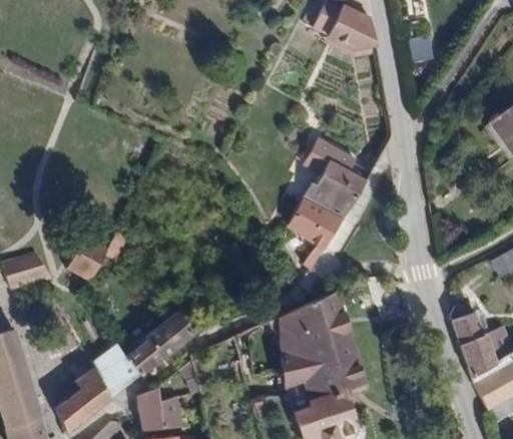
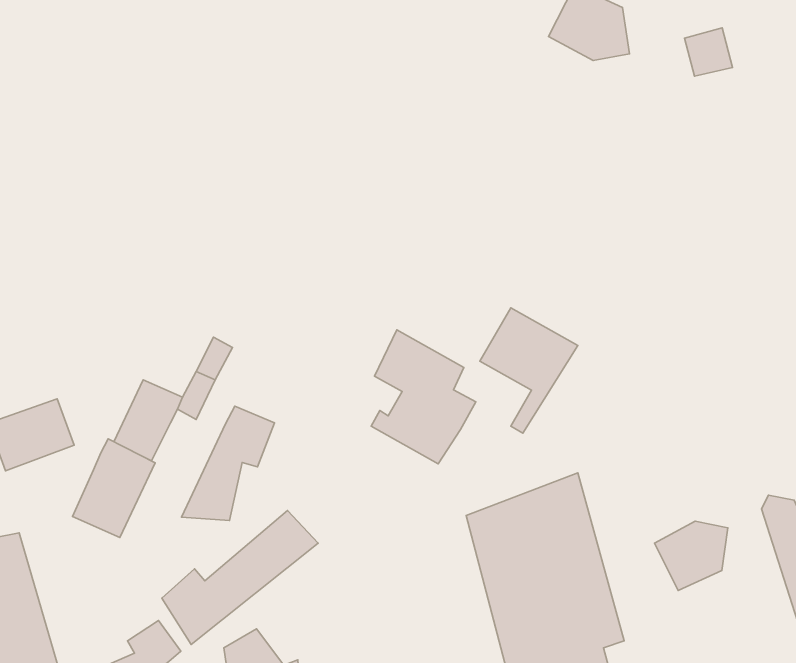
building: [303,140,364,218] -> [371,330,476,464]
building: none -> [181,406,275,521]
building: none -> [73,439,155,537]
building: none -> [654,521,728,591]

